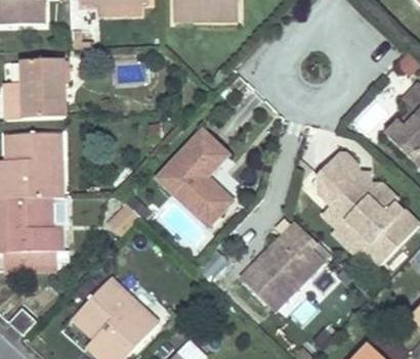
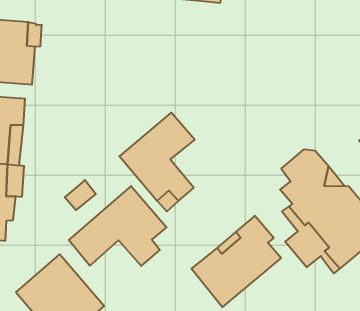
building: none -> [69,186,167,266]

